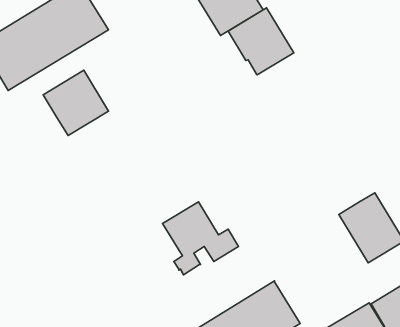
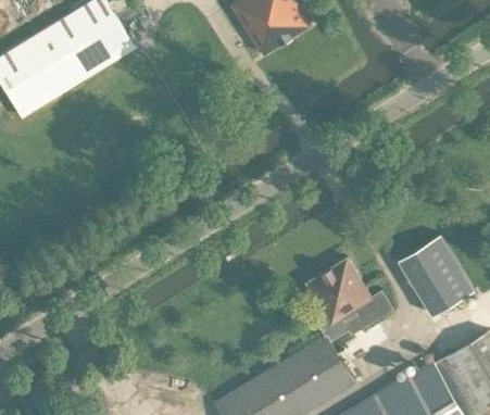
building: [228,8,294,75] -> none
building: [43,70,109,136] -> none
building: [163,202,238,275] -> [306,260,393,343]

